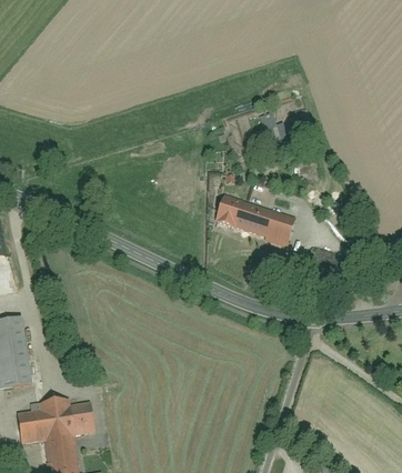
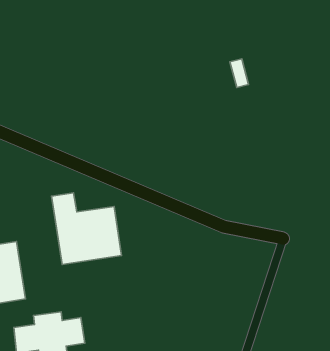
building: [215,193,297,243] -> none
building: none -> [52,193,121,265]

